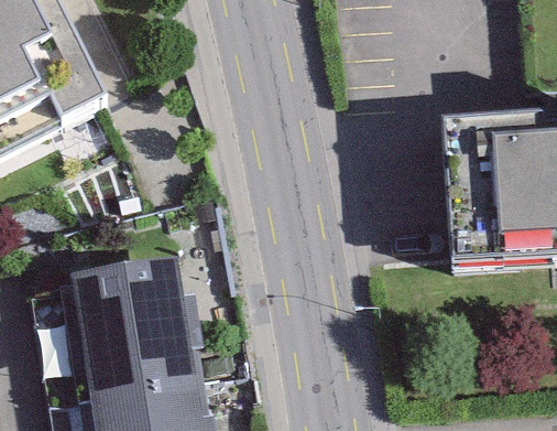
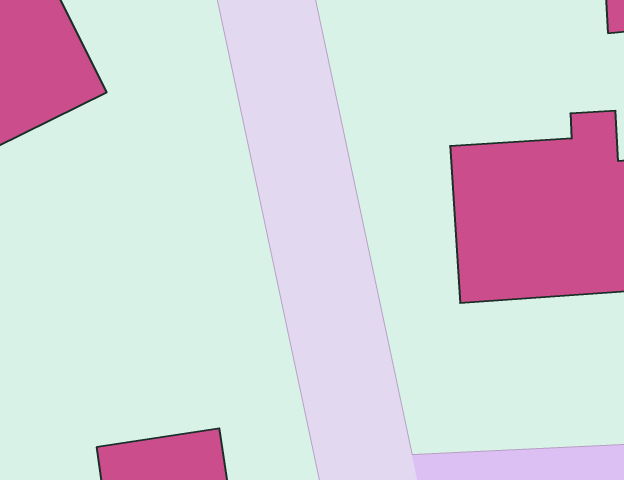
building: [75,256,201,397] -> none

